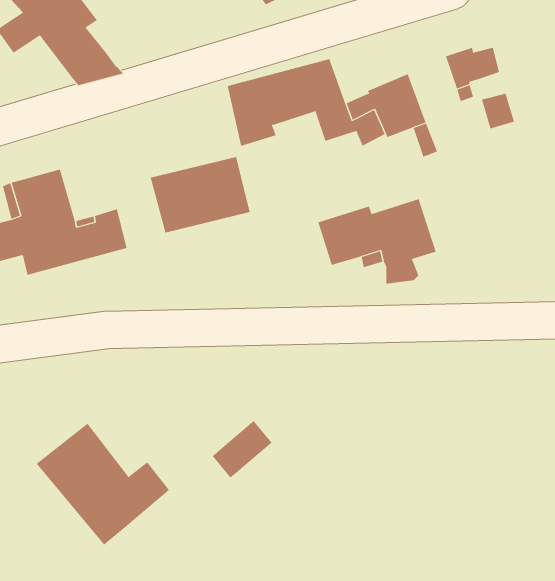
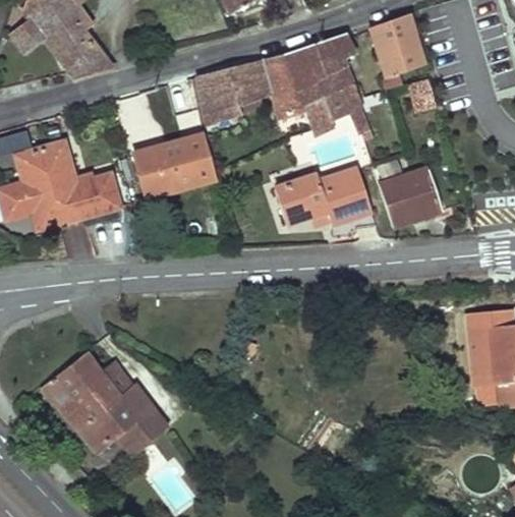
building: none -> [371,14,418,51]
building: none -> [284,35,353,90]
building: none -> [379,173,442,226]
building: [212,420,273,478] -> [118,407,168,455]

